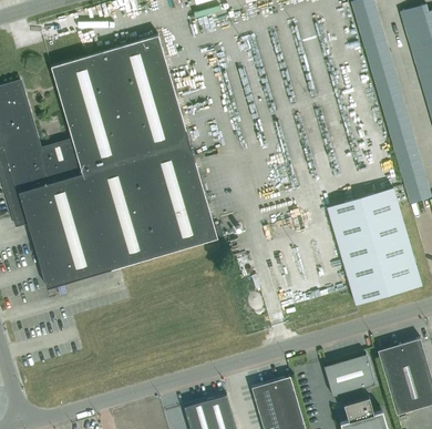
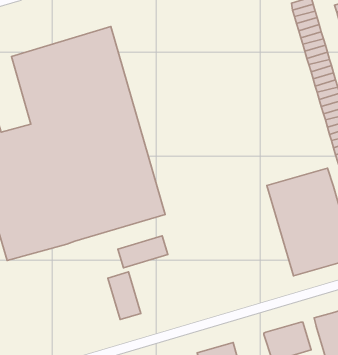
building: none -> [118,236,168,268]
building: none -> [108,272,141,320]

